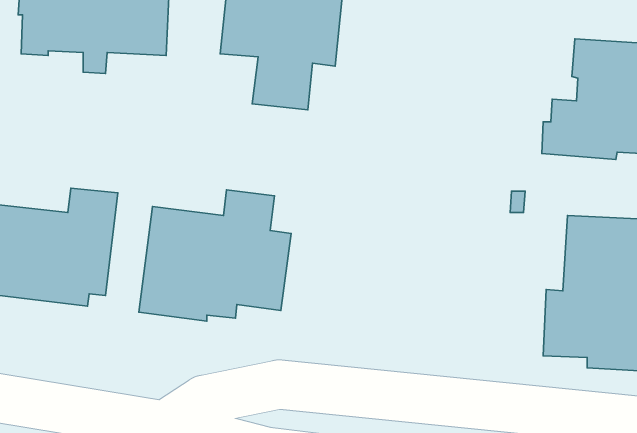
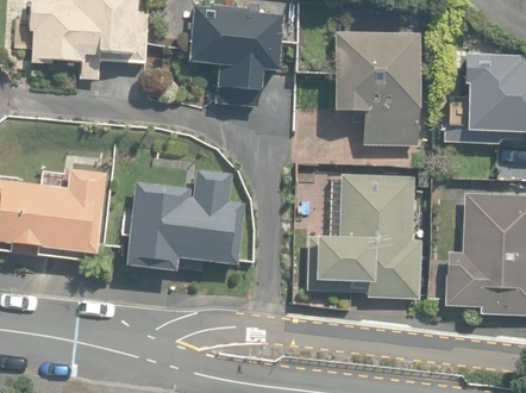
building: none -> [334,33,420,146]
building: none -> [307,175,420,300]

